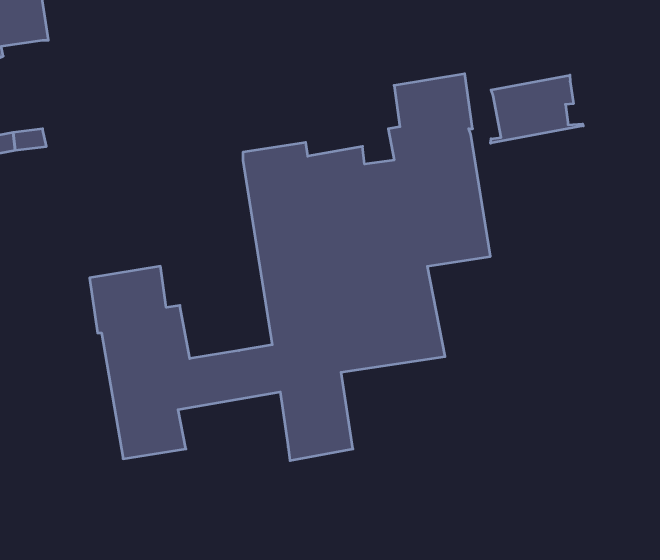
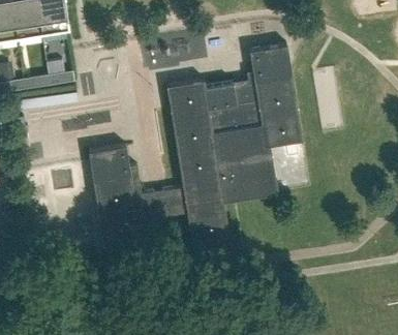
building: [491,75,583,143] -> none

